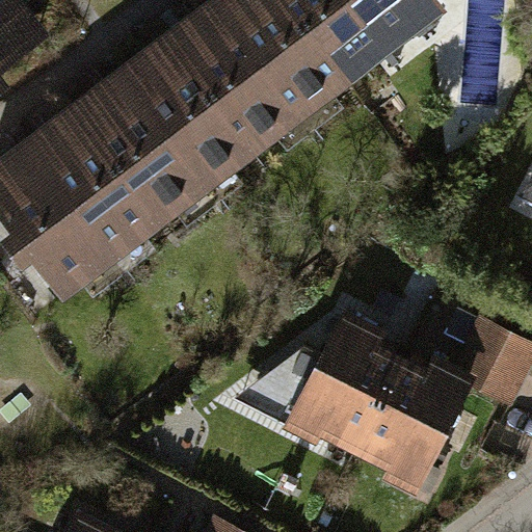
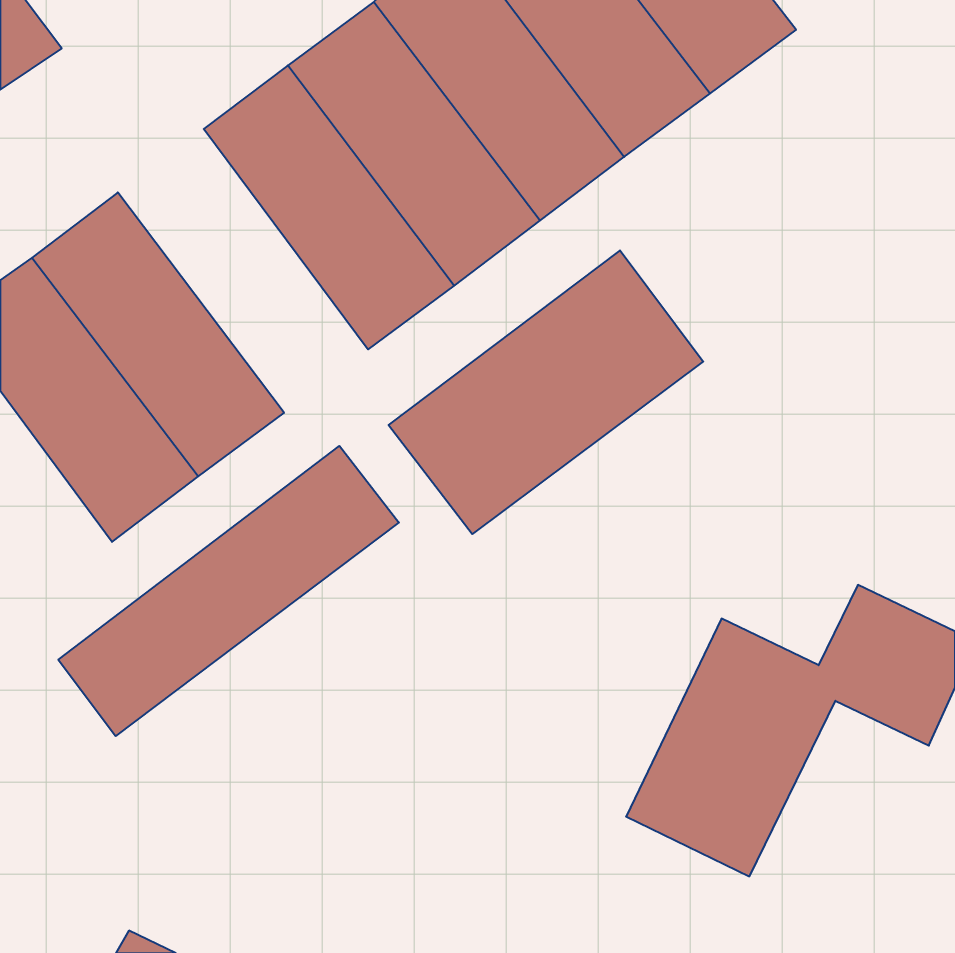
building: [65,72,205,230] -> none
building: none -> [389,250,703,534]
building: none -> [58,446,399,736]
building: [284,313,401,454] -> none

